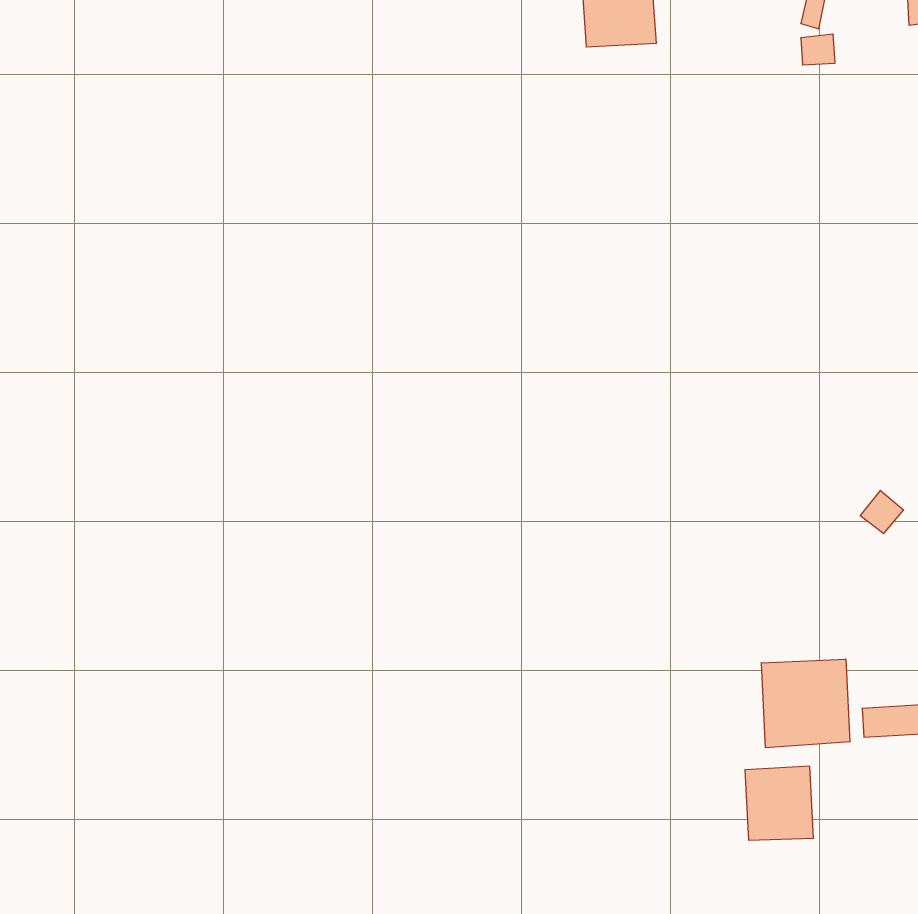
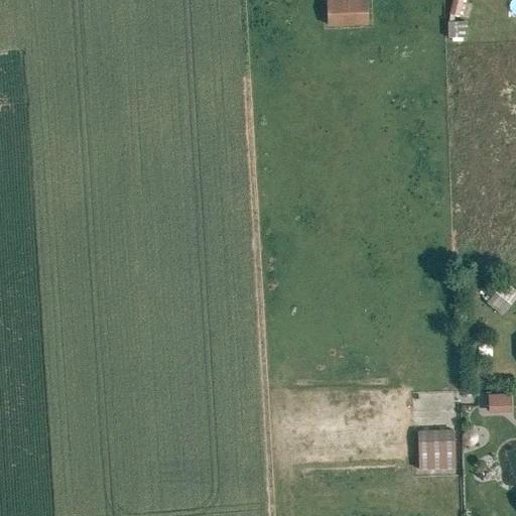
building: [761,659,850,748] -> none

